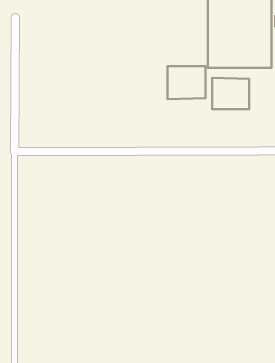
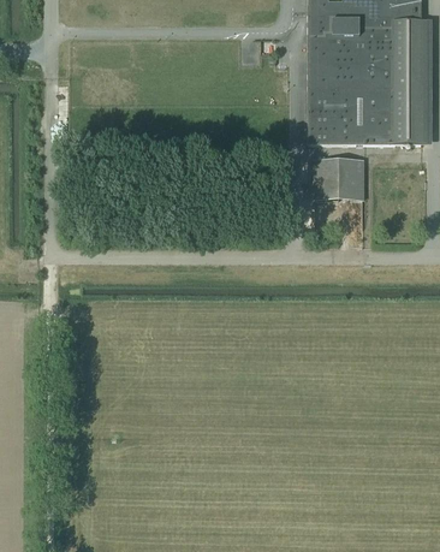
building: [167,66,205,99] -> none

